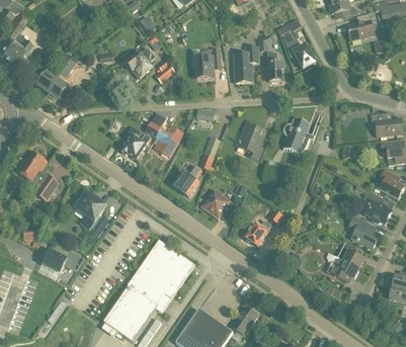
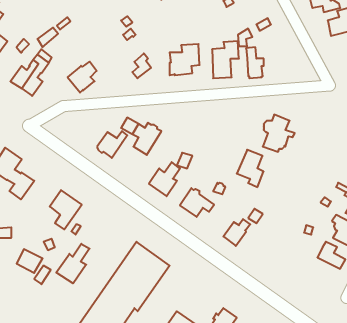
building: [282,32,314,71] -> none
building: [126,48,154,78] -> [68,62,97,93]
building: [236,123,262,160] -> [237,150,264,187]
building: none -> [56,244,90,283]
building: [326,256,358,281] -> none

